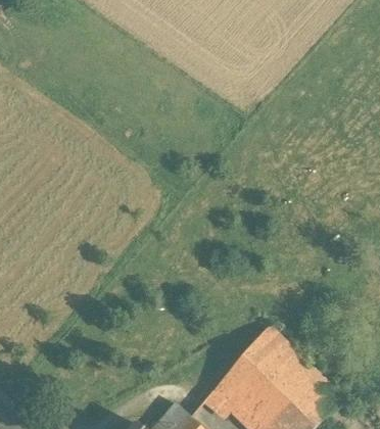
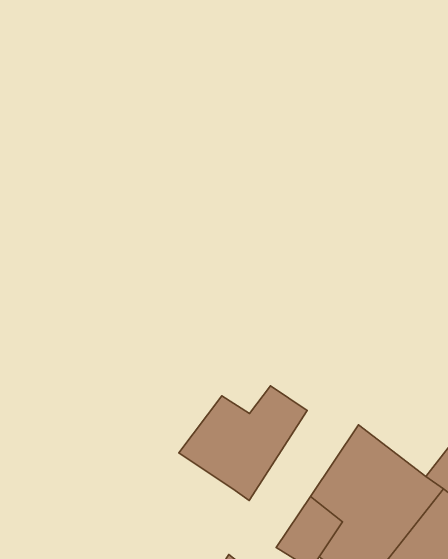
building: none -> [179,386,307,500]

